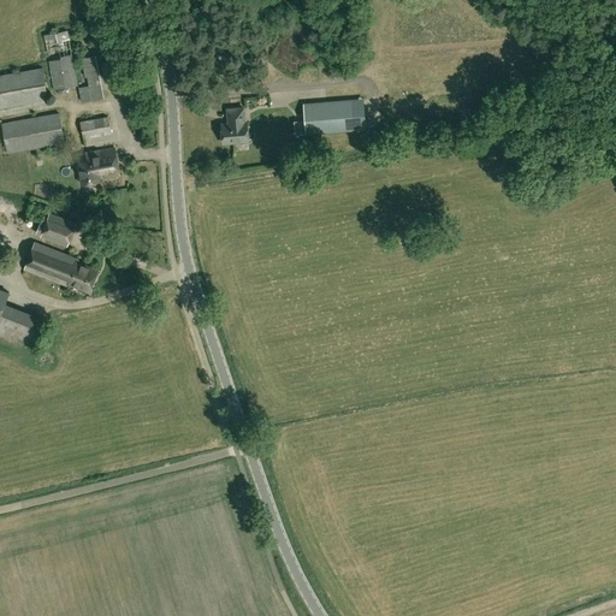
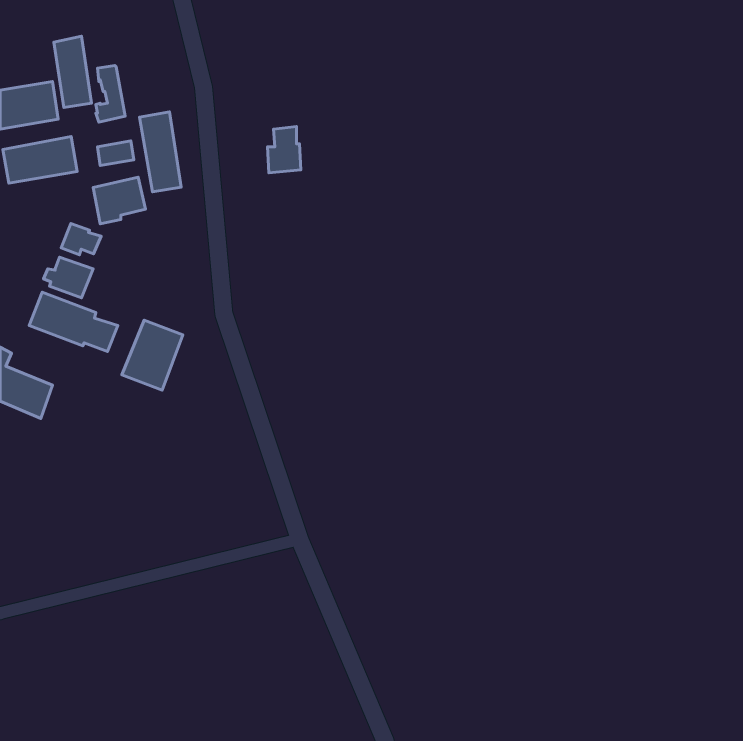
building: none -> [139,112,181,192]
building: [303,97,354,134] -> none
building: none -> [61,224,101,255]
building: none -> [122,320,183,390]

